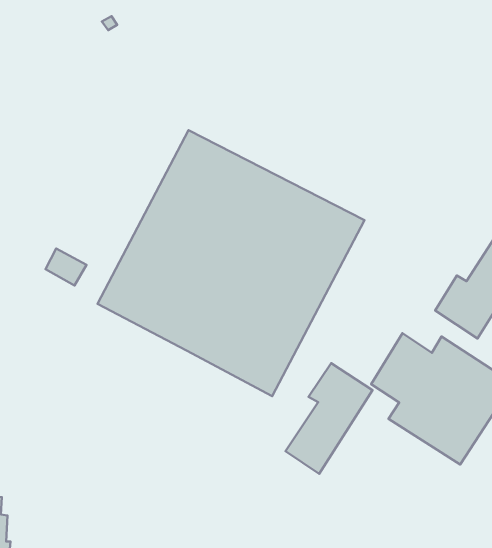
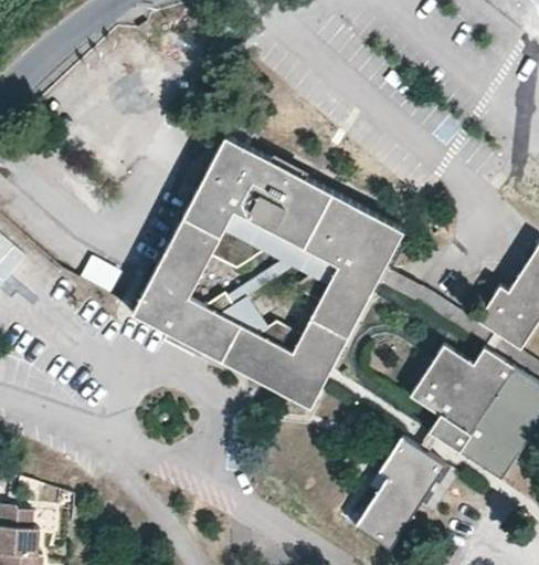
building: [286,363,372,474] -> [356,438,444,551]

